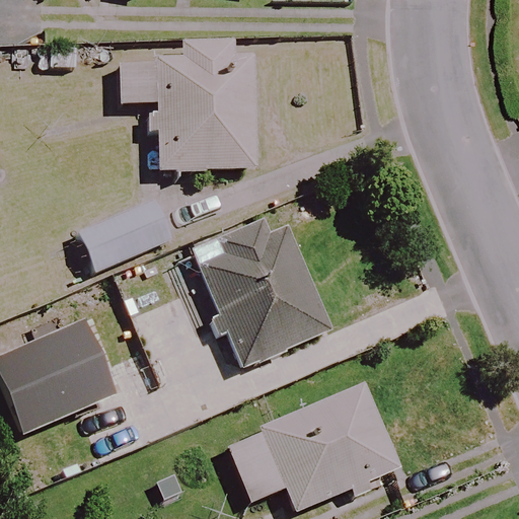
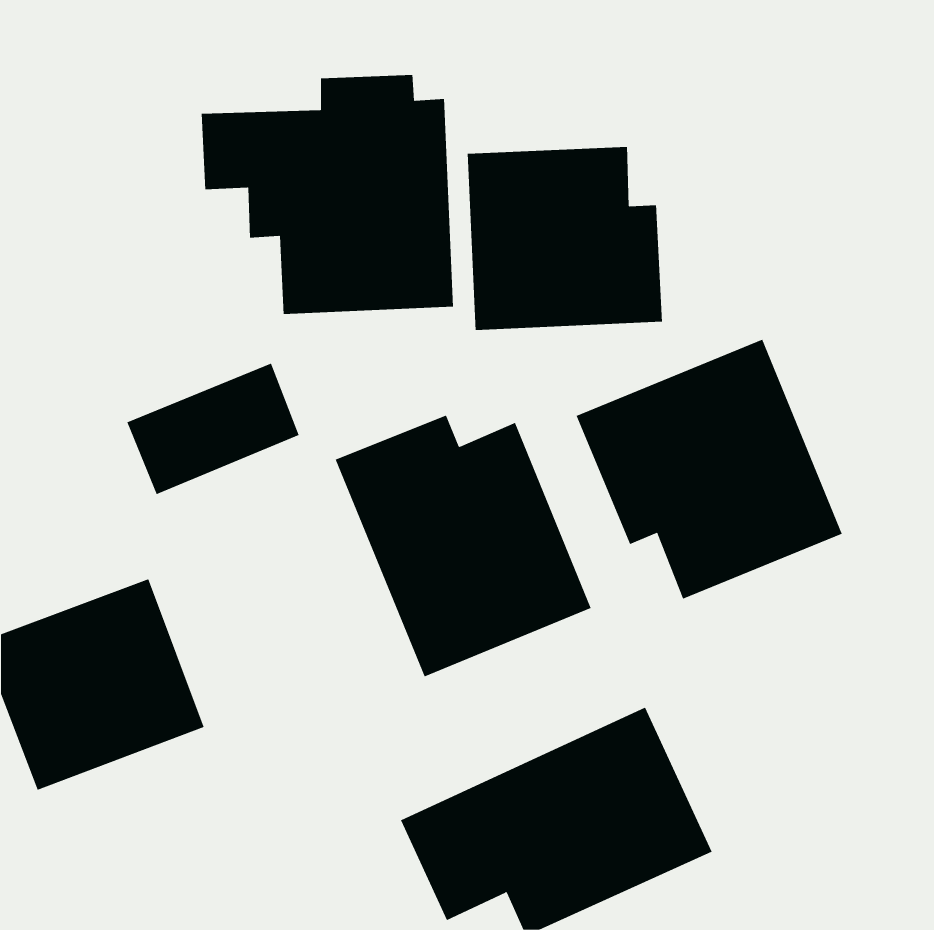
building: none -> [467,146,663,331]
building: none -> [576,339,842,600]

